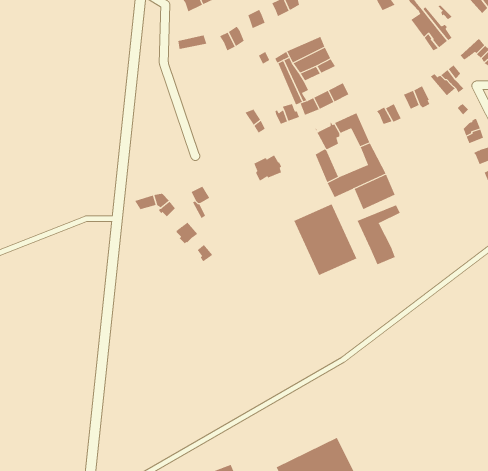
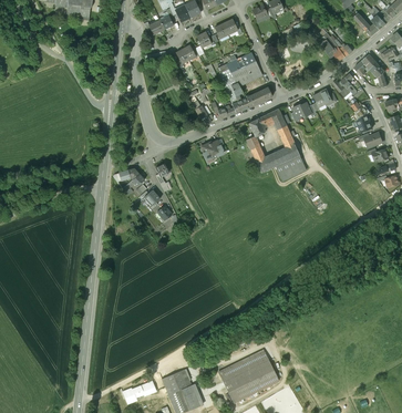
building: [294,204,357,276] -> none
building: [357,205,400,265] -> none

